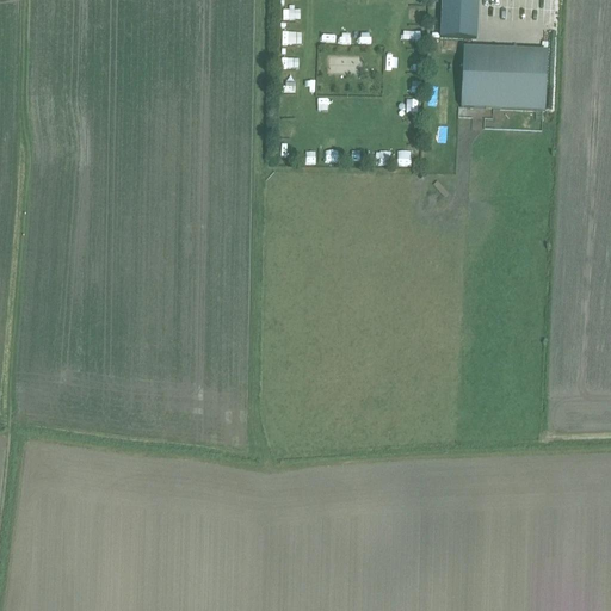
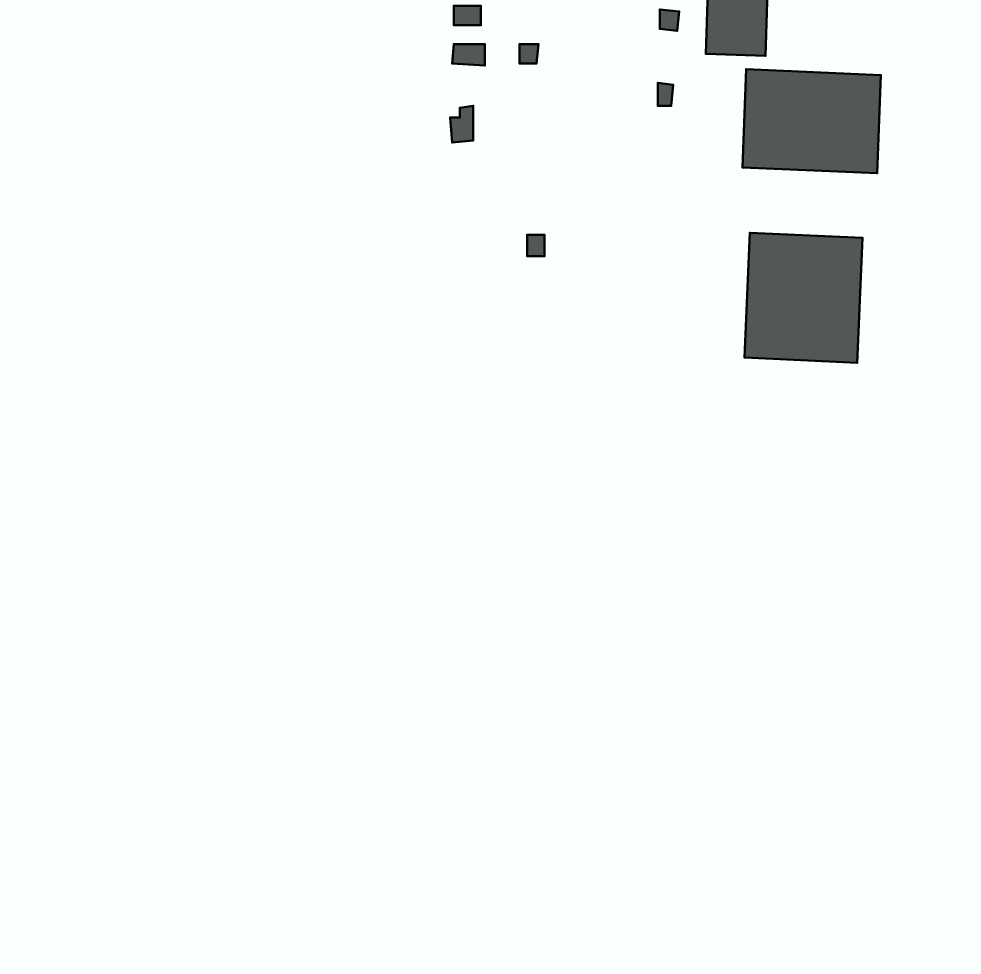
building: none -> [745,233,863,363]

